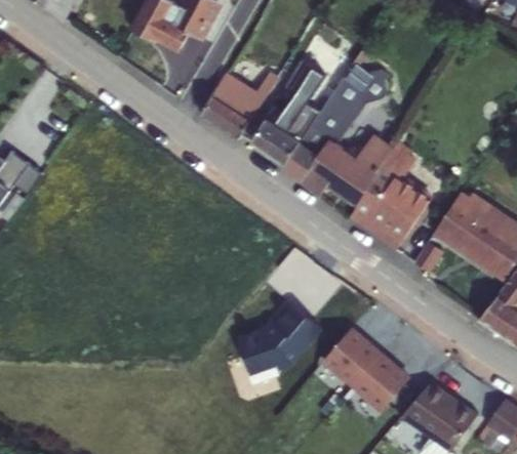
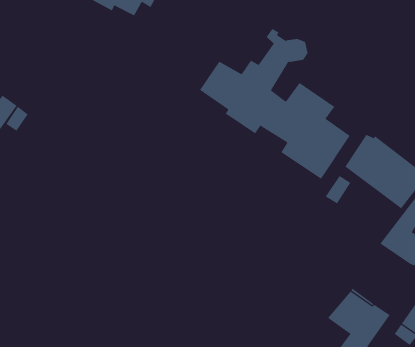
building: [285,55,326,97] -> none
building: [208,71,269,134] -> none
building: [242,301,324,382] -> none
building: [327,329,413,407] -> none

